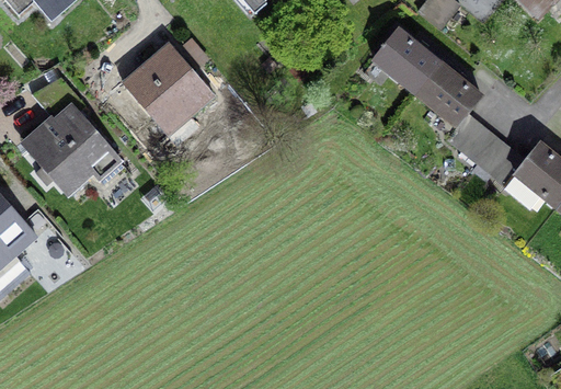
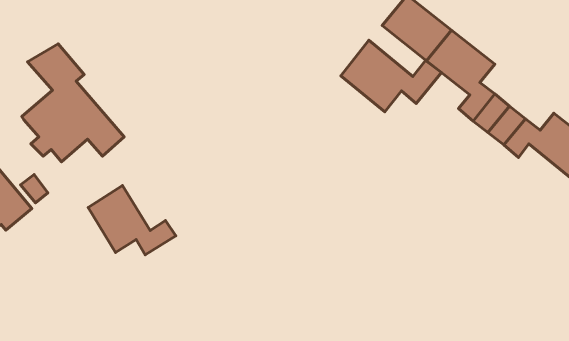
building: [123,44,214,135] -> none
building: none -> [341,40,441,112]
building: none -> [88,185,176,255]

